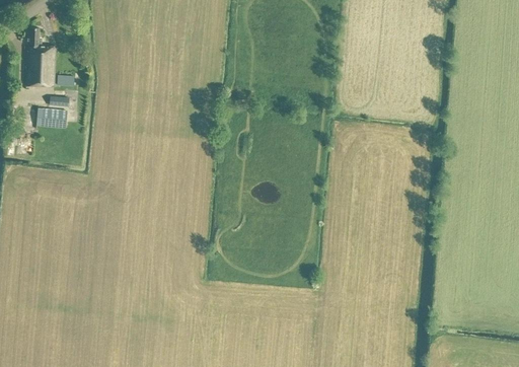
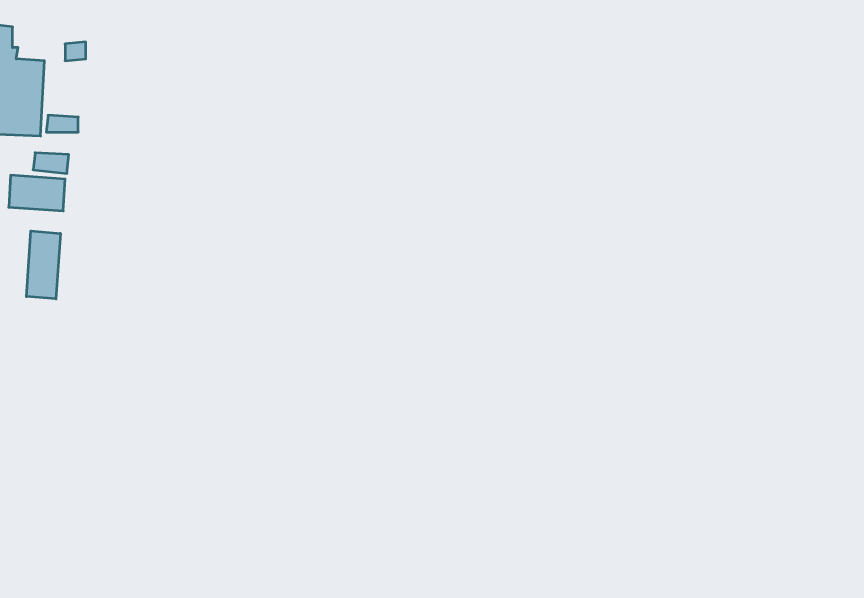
building: none -> [26,231,60,299]

